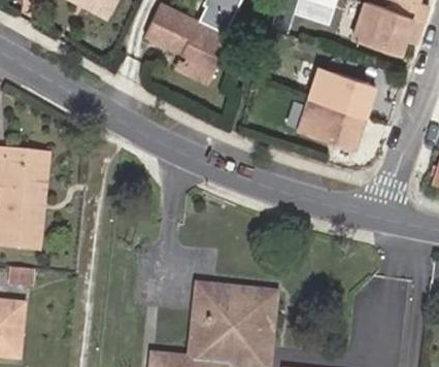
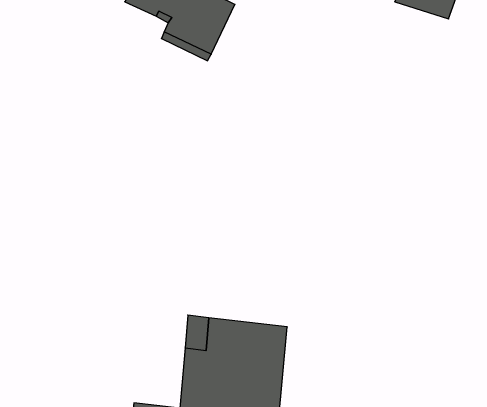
building: [296,64,374,145] -> none

